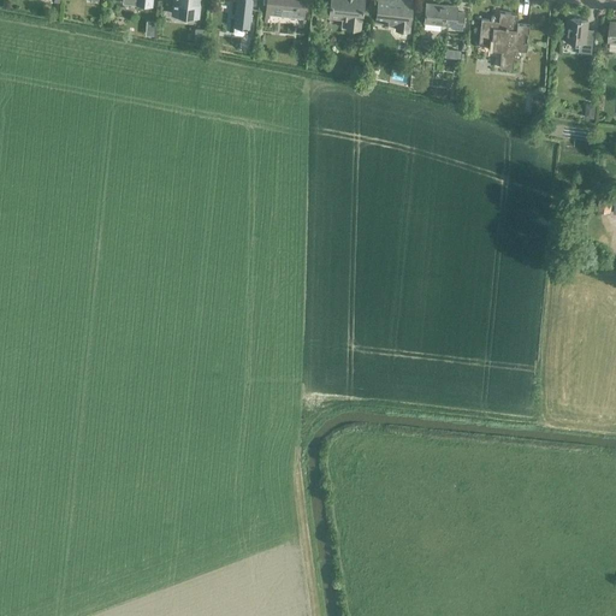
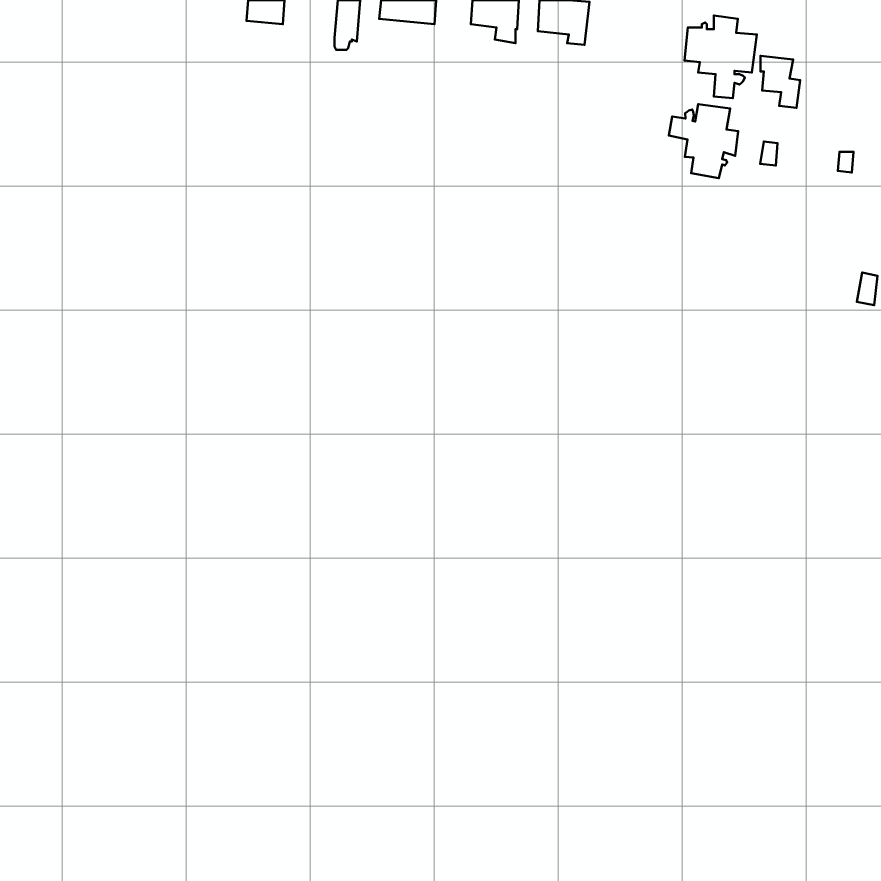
building: [424,5,463,30] -> none
building: [565,17,593,53] -> [760,56,800,108]
building: none -> [669,104,738,178]

